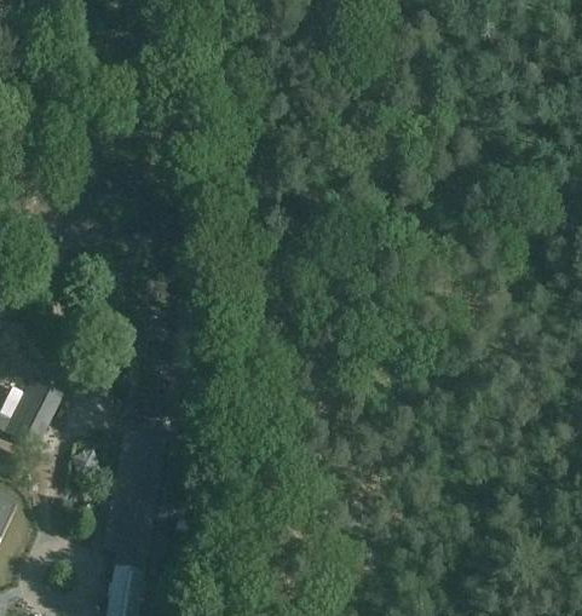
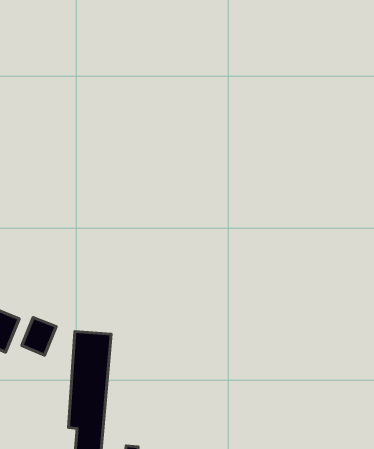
building: none -> [22,317,56,355]

